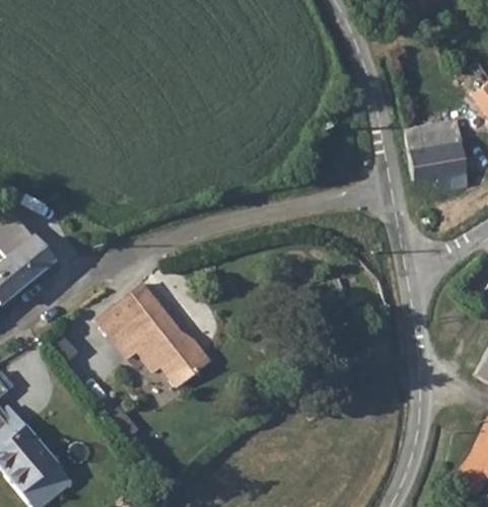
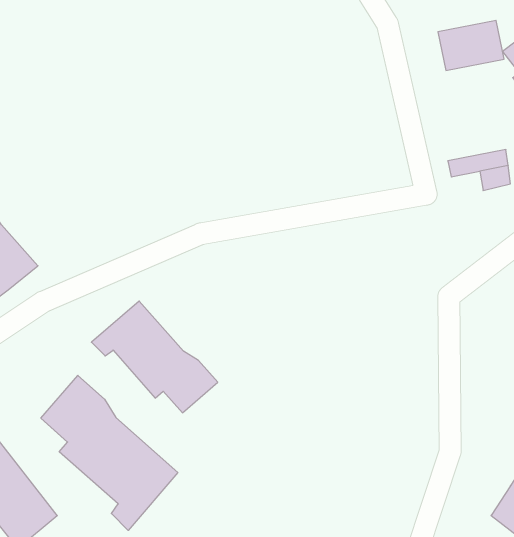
building: [409,120,468,164] -> [438,20,504,70]
building: none -> [41,375,178,530]

